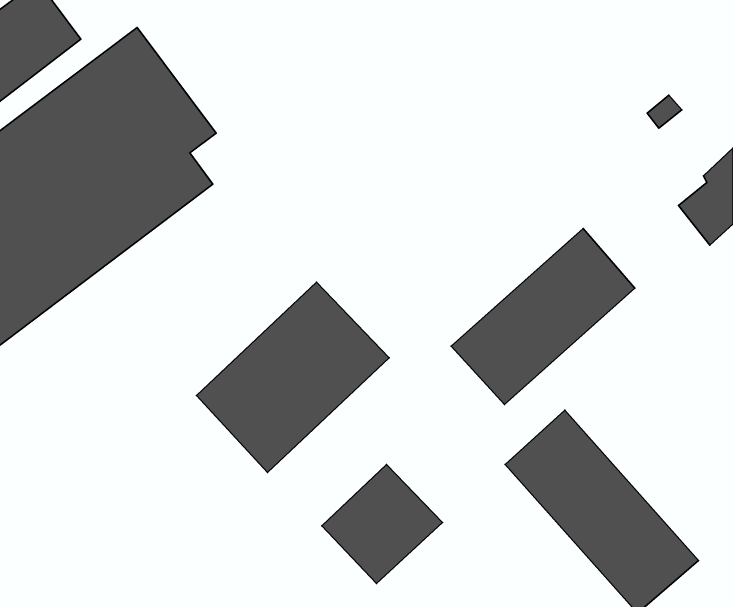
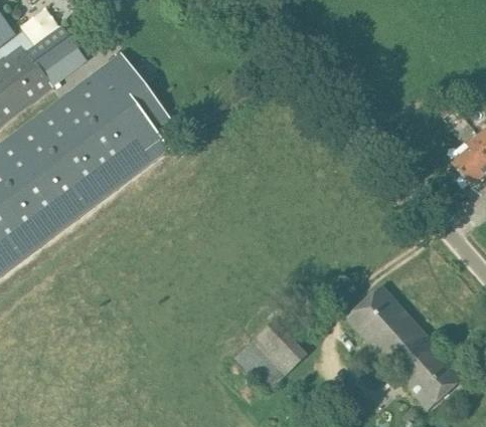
building: [451,228,635,404] -> none
building: [196,282,389,472] -> none

